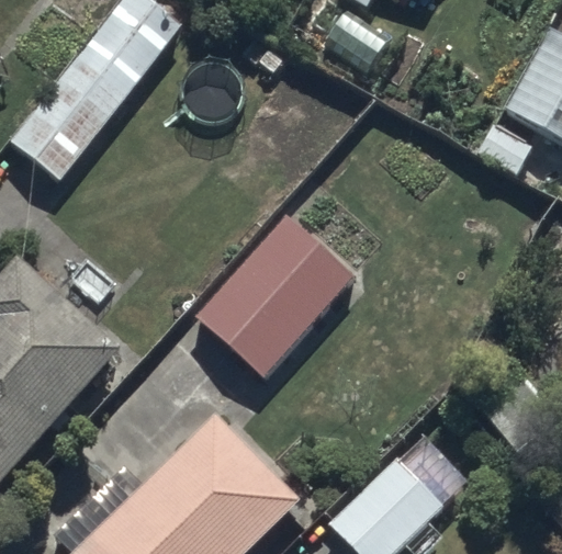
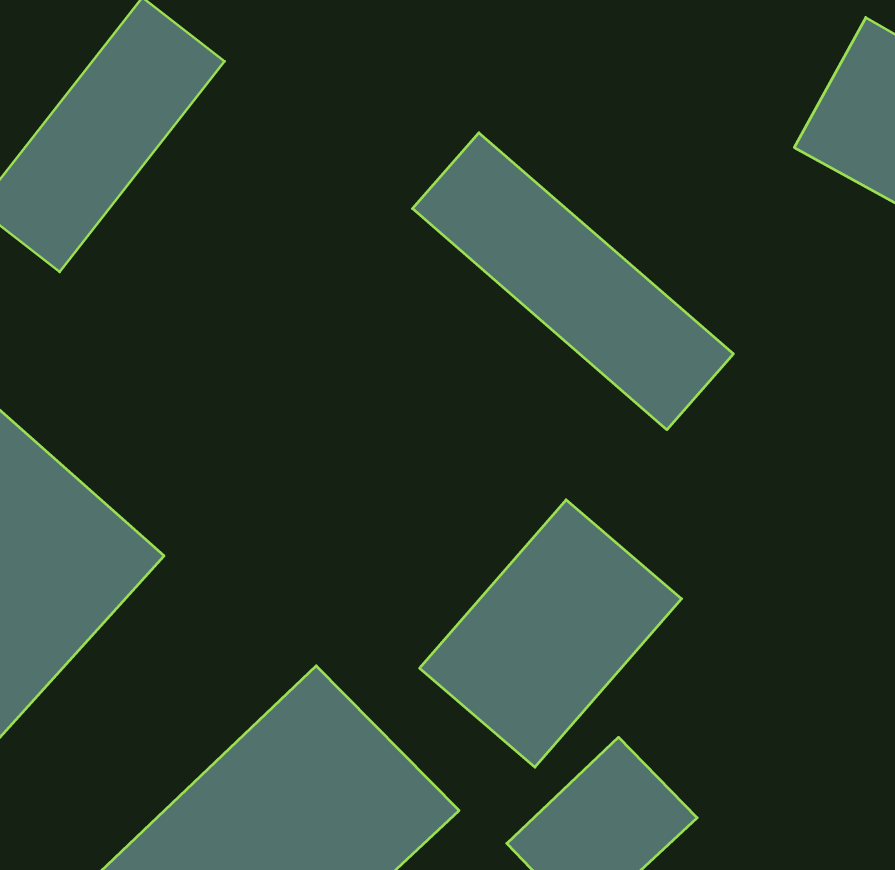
building: none -> [412,133,733,430]
building: [193,218,350,378] -> [420,500,682,767]

